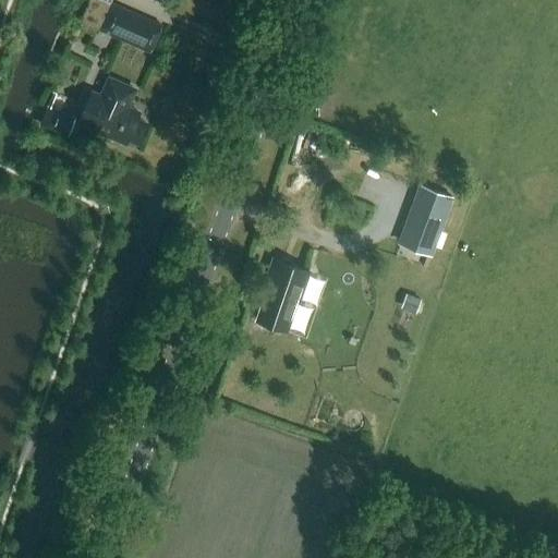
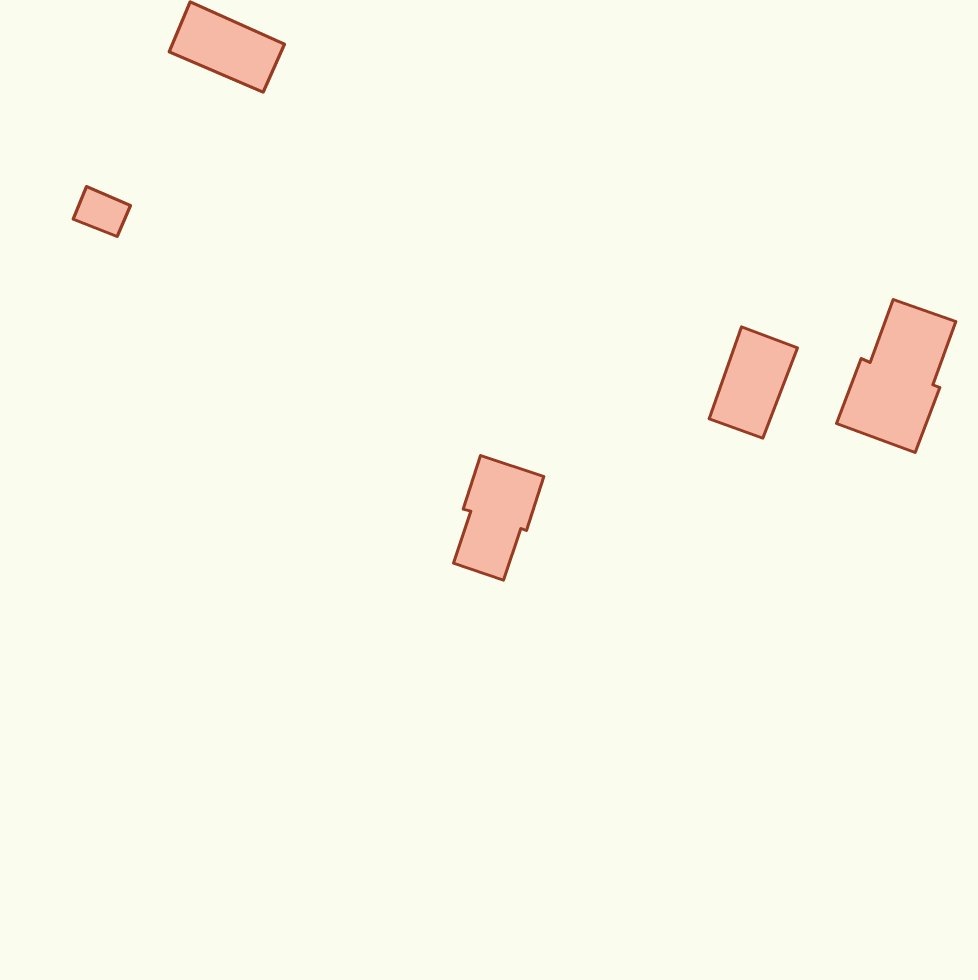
building: [80,77,148,144] -> none
building: none -> [836,299,956,452]

